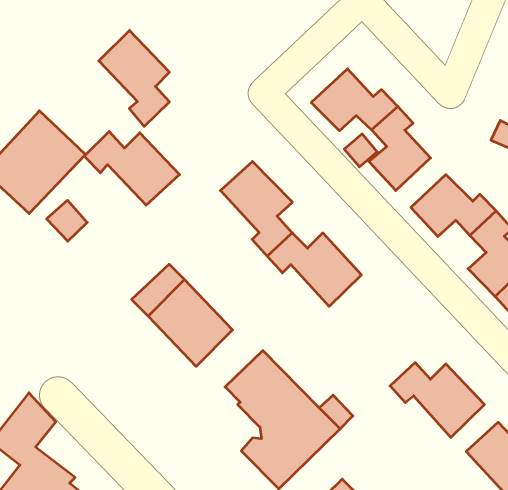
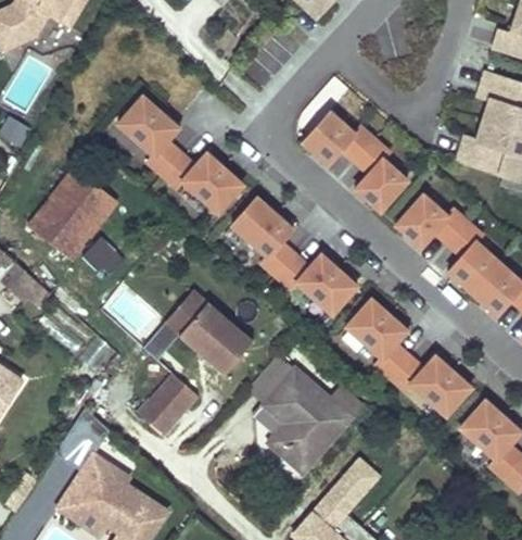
building: [84,131,180,205] -> [162,151,244,212]
building: none -> [345,298,409,377]
building: none -> [138,374,198,436]

